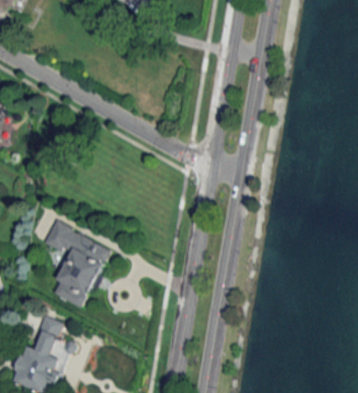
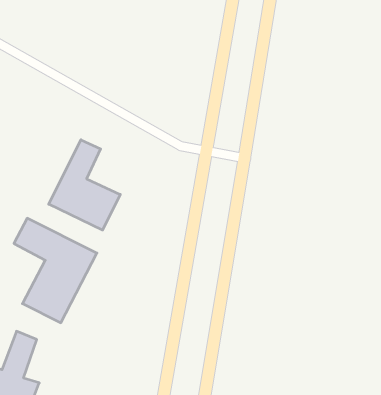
building: none -> [49,140,120,230]

